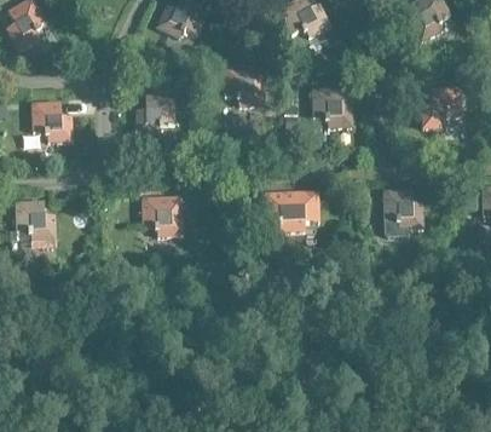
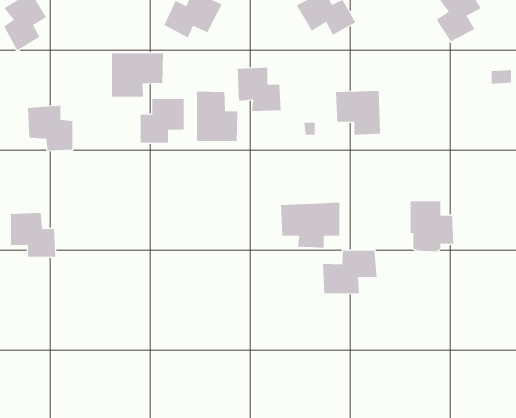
building: none -> [111,53,163,98]
building: [422,87,461,129] -> none
building: none -> [197,91,238,142]
building: [141,195,183,237] -> none
building: none -> [323,250,377,294]

